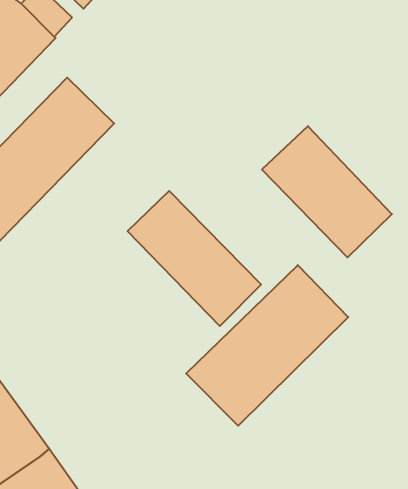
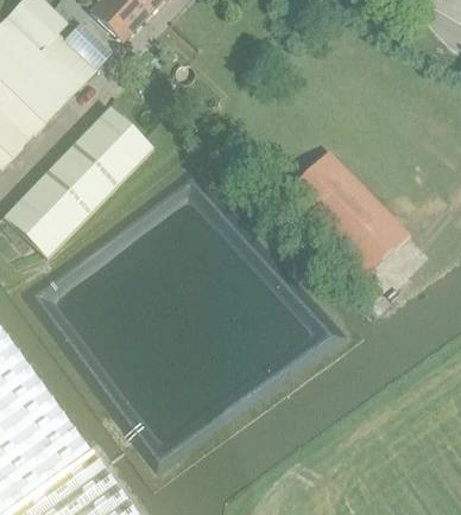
building: [128,191,261,326] -> none
building: [186,265,348,426] -> none

